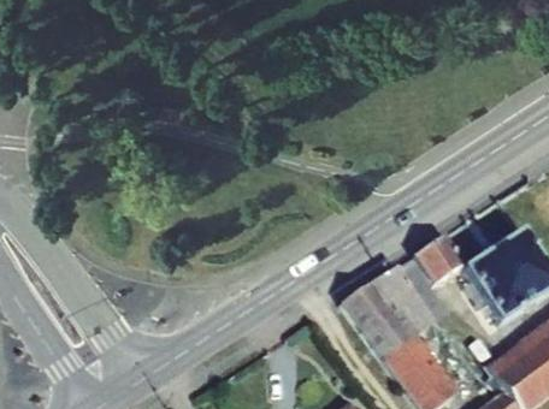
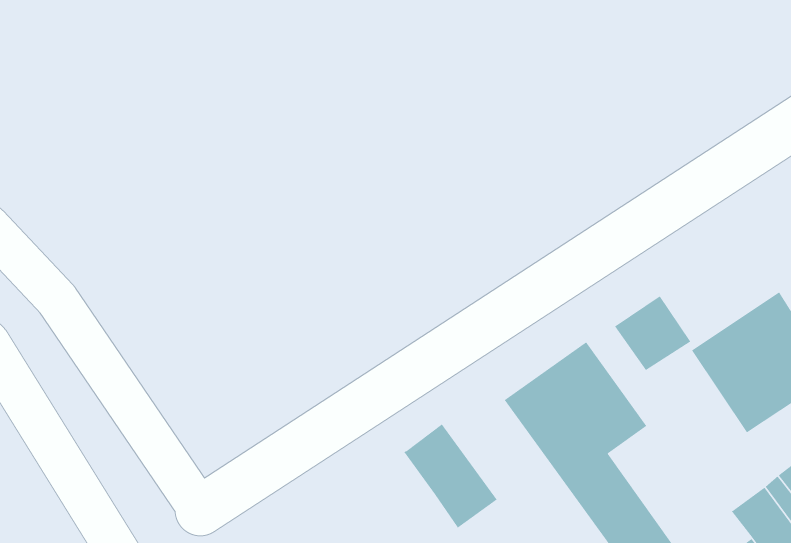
building: none -> [403,423,497,530]

